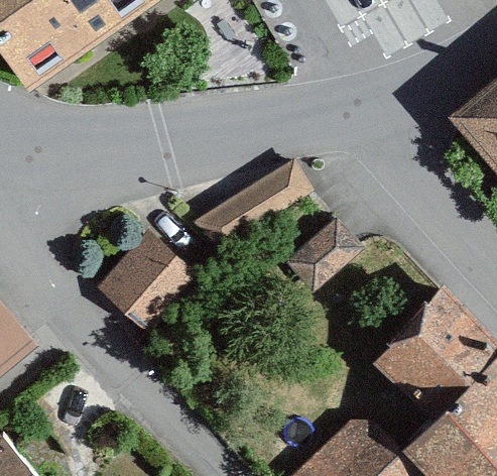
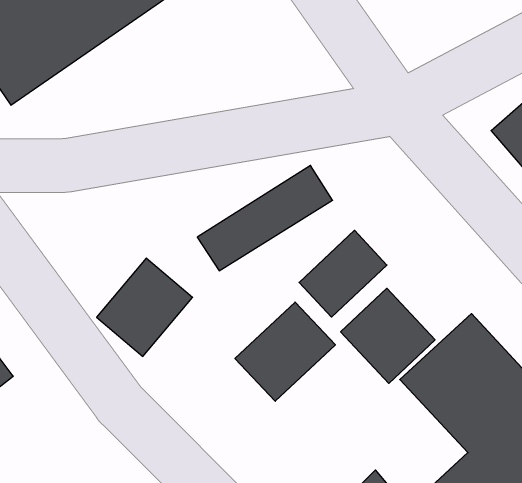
building: none -> [341,288,435,383]
building: none -> [235,302,335,401]

